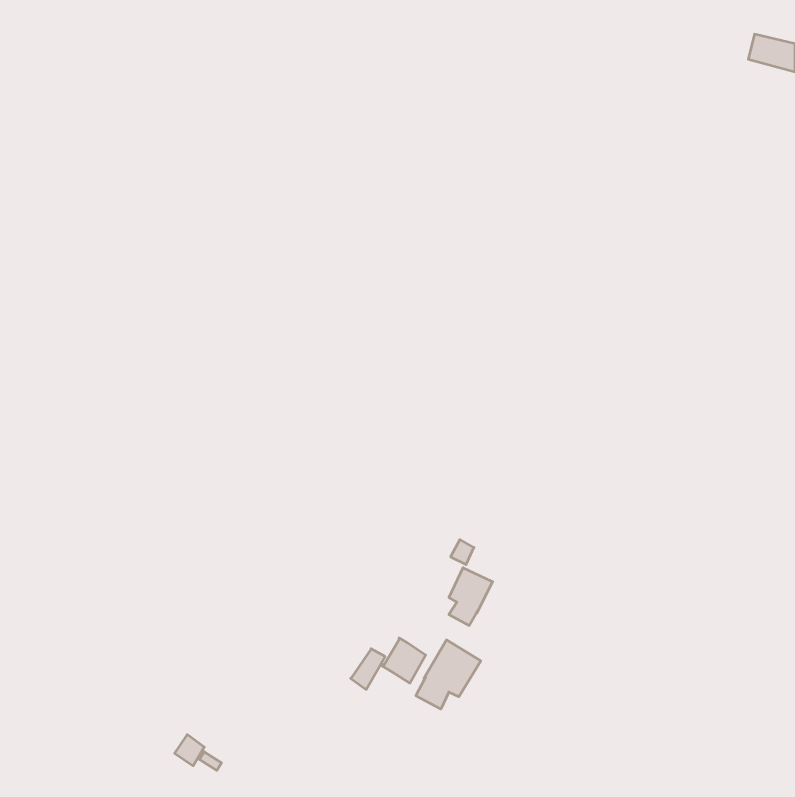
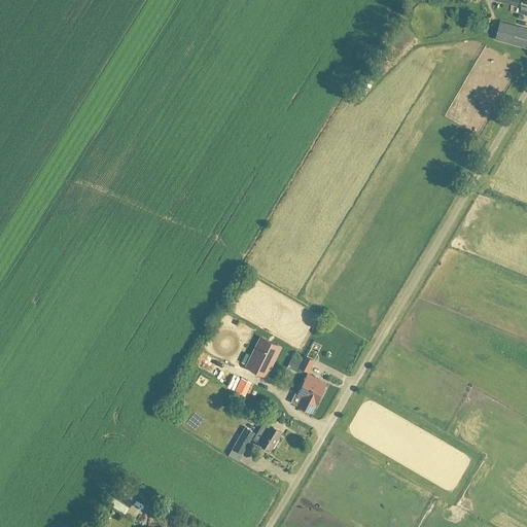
building: none -> [246,338,279,376]
building: [416,640,481,709] -> none

